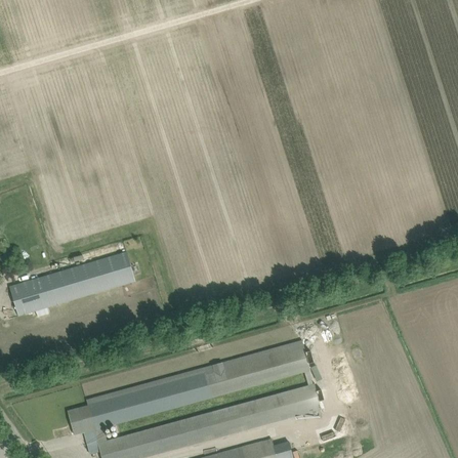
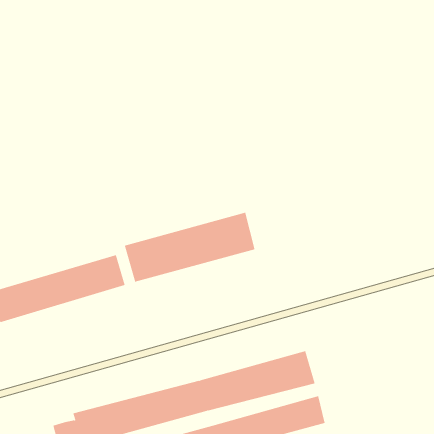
building: none -> [124,212,255,283]

